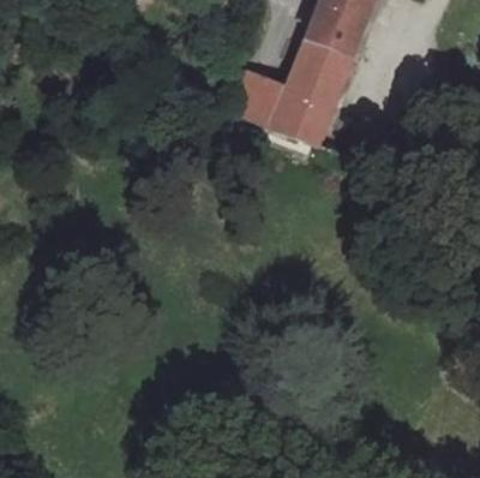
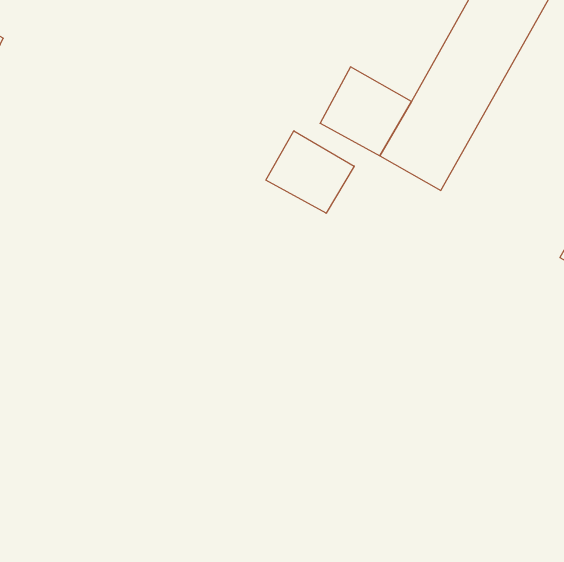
building: none -> [266,131,354,213]

